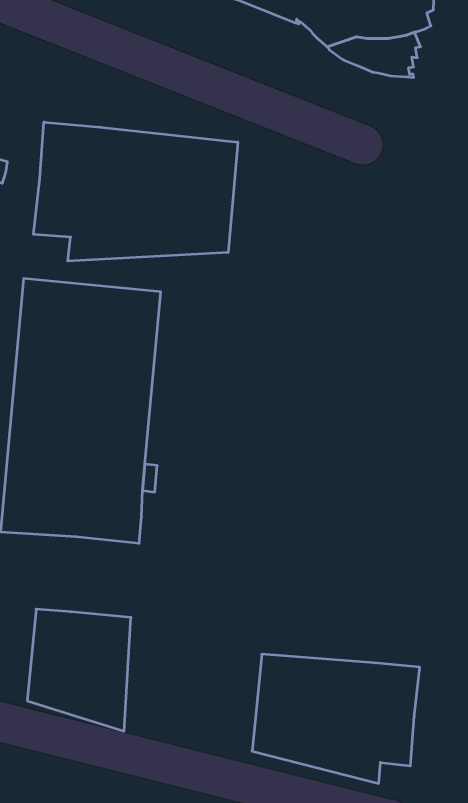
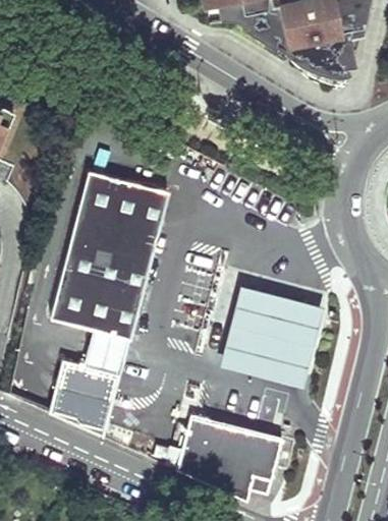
building: [34,122,238,261] -> none
building: none -> [220,284,324,385]
building: none -> [84,325,130,378]

